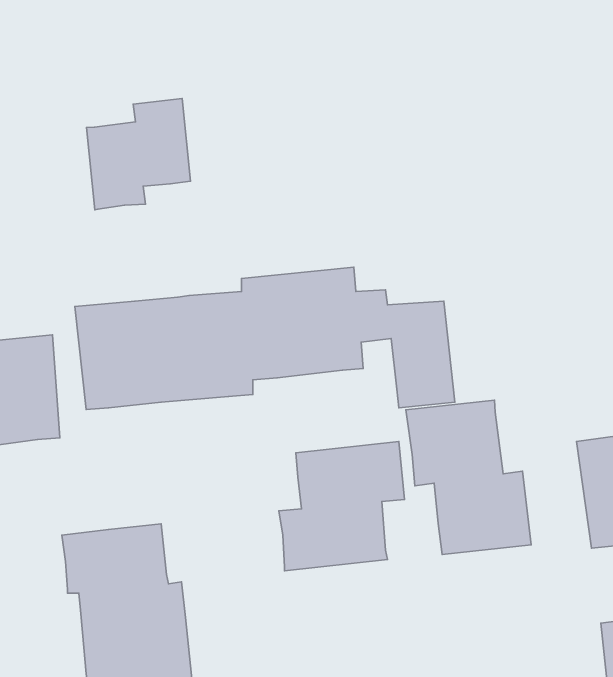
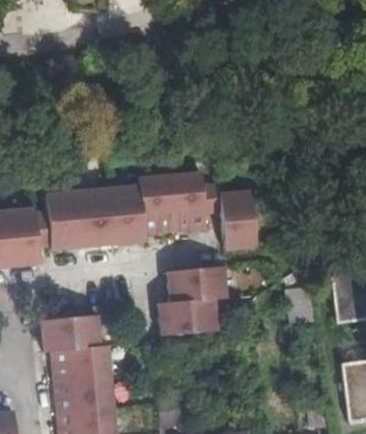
building: [87,99,191,210] -> none
building: [406,400,531,554] -> none

